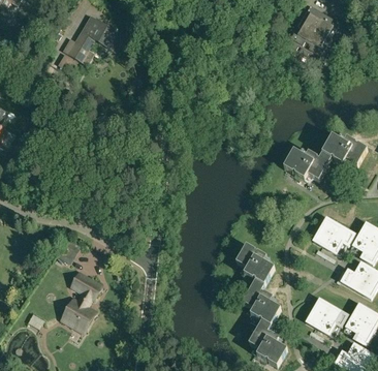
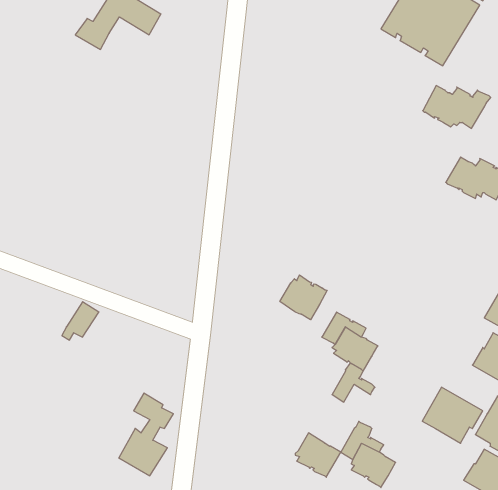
building: [285,150,333,180] -> [423,86,491,128]
building: [313,216,355,255] -> none
building: none -> [280,275,327,320]
building: [63,273,101,331] -> [119,393,173,476]
building: [250,295,282,326] -> [295,433,341,477]

